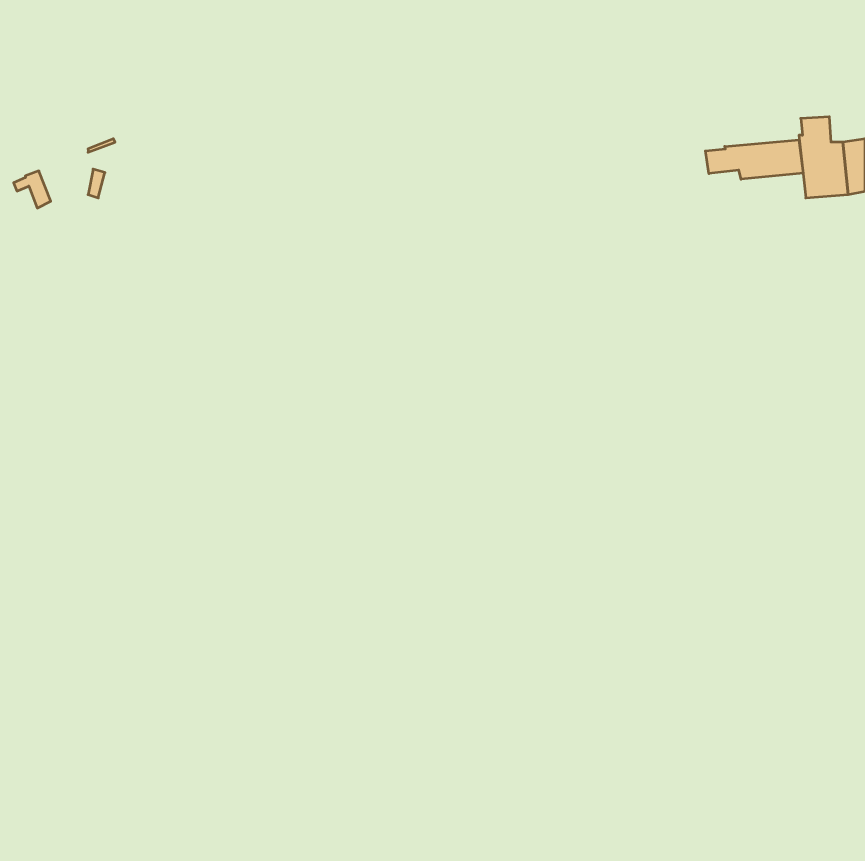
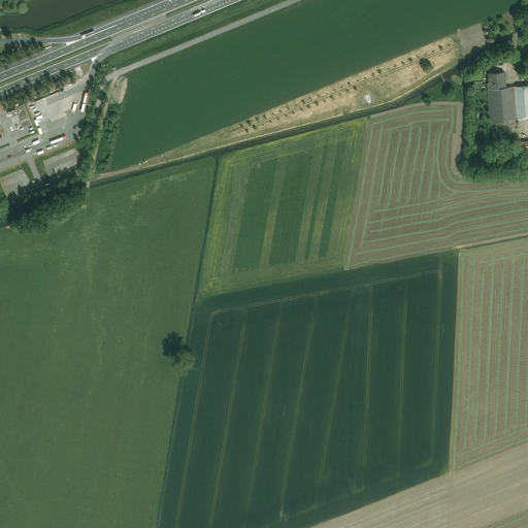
building: [705,140,803,179] -> none

